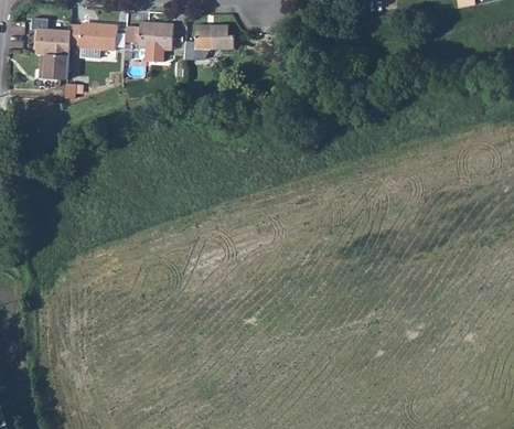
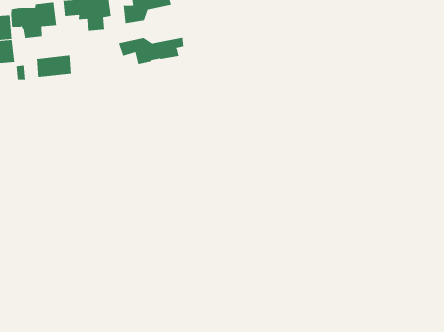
building: none -> [118,37,184,65]
building: none -> [37,55,72,78]

